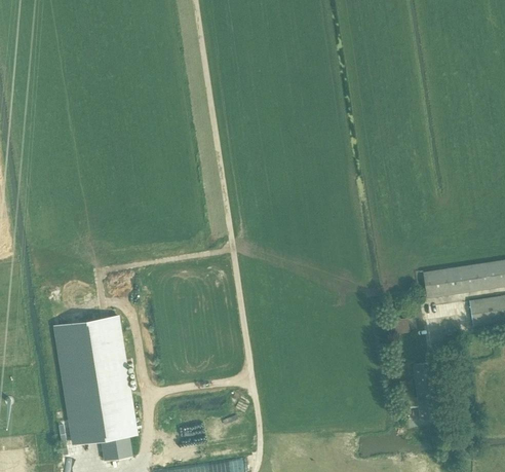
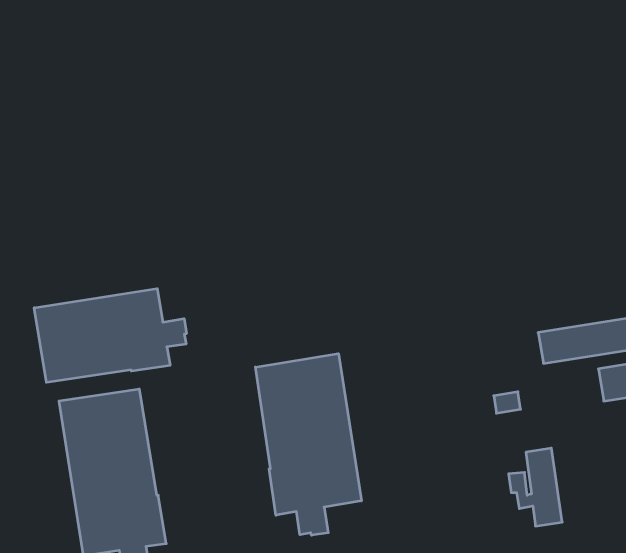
building: none -> [34,289,186,382]
building: none -> [255,354,361,535]

